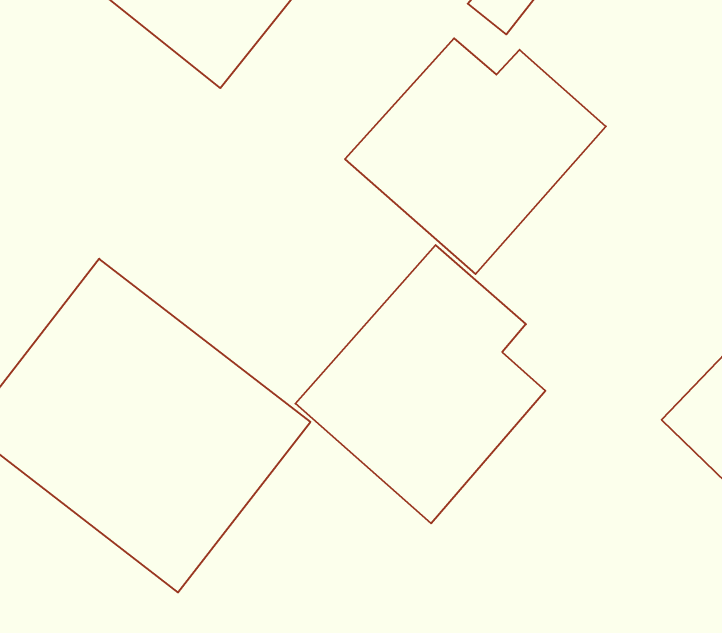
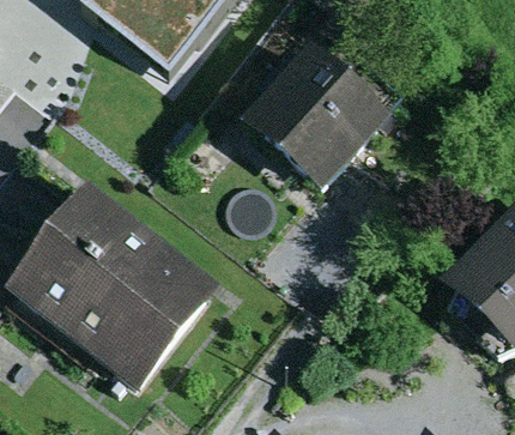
building: [295,245,545,523] -> none

